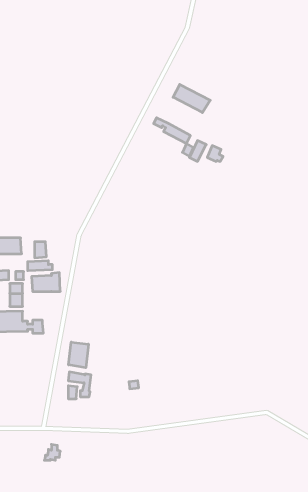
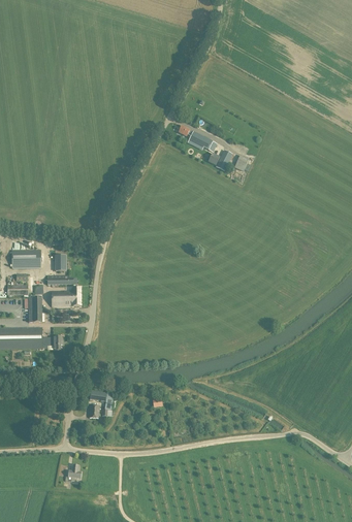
building: [173,84,210,113] -> none
building: [69,342,88,368] -> none

